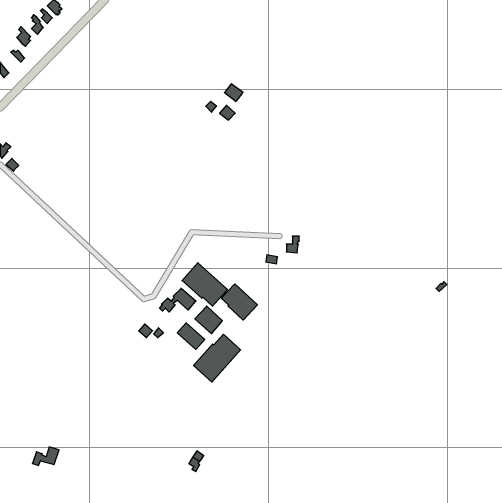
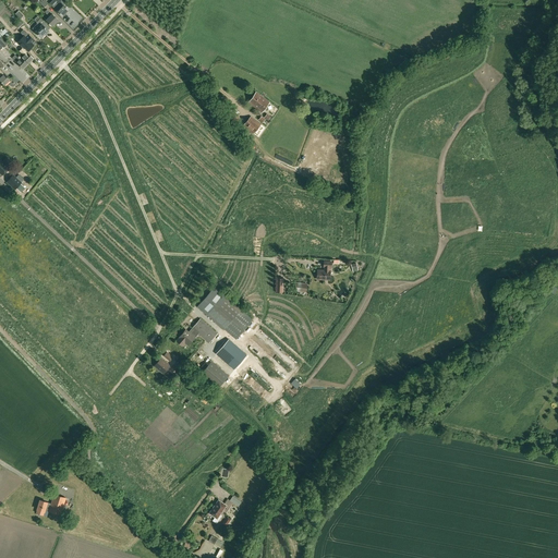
building: [221,284,257,320] -> none
building: [194,334,241,382] -> none

